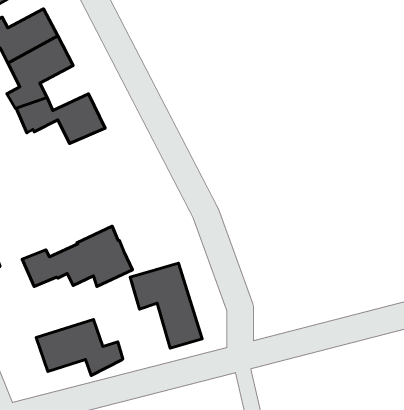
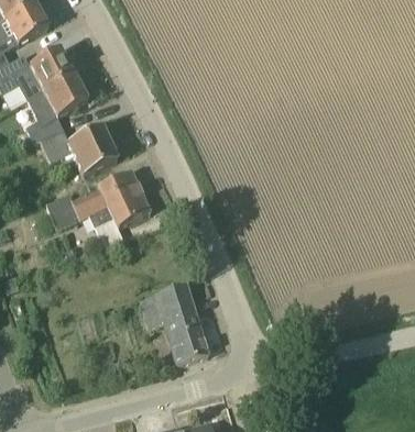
building: [22,226,132,287] -> [47,170,150,226]
building: [36,320,123,375] -> none

